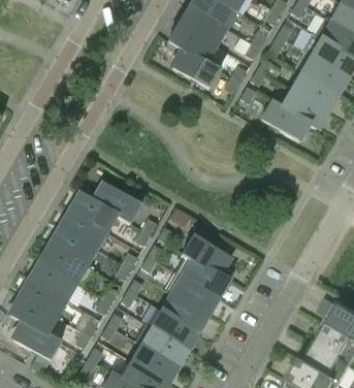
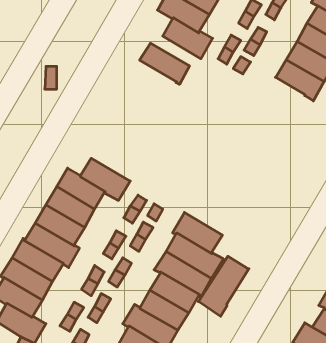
building: none -> [140,43,189,84]
building: [261,100,308,140] -> none
building: none -> [198,256,249,316]

